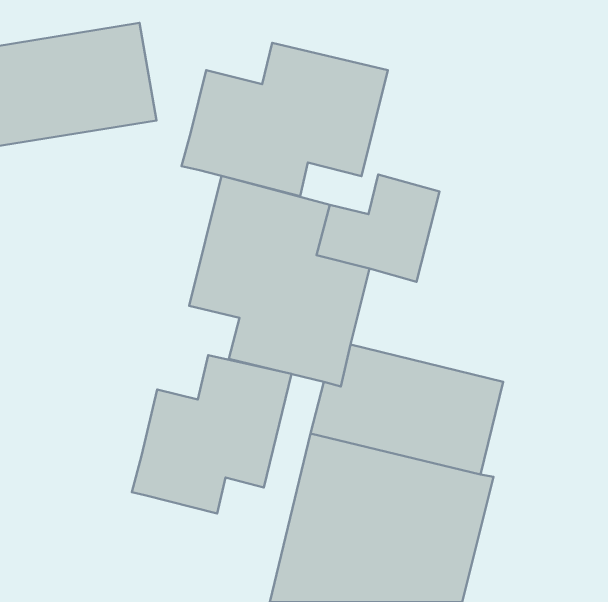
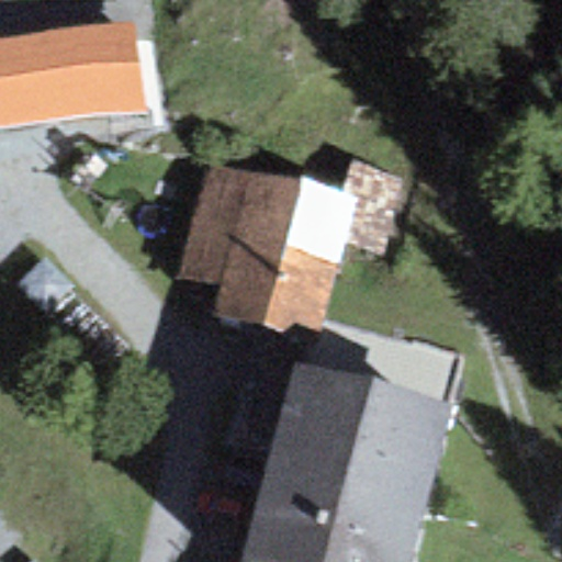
building: [181,43,388,196] -> none
building: [132,355,292,513] -> none

